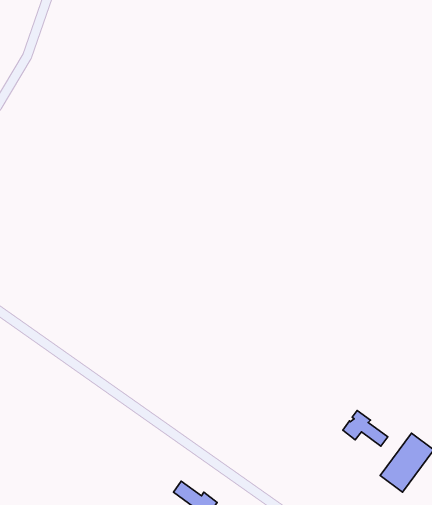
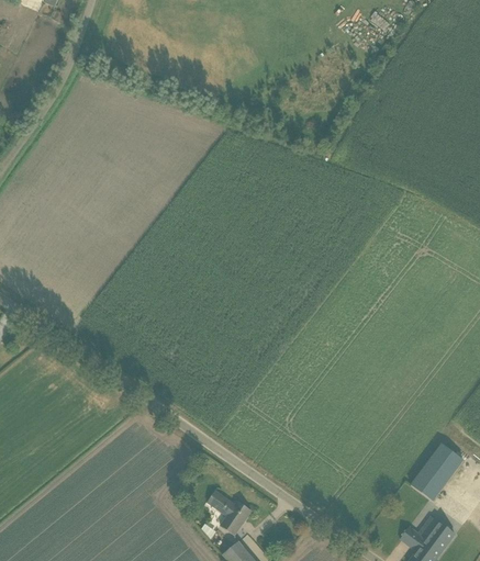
building: [343,411,388,446] -> none

